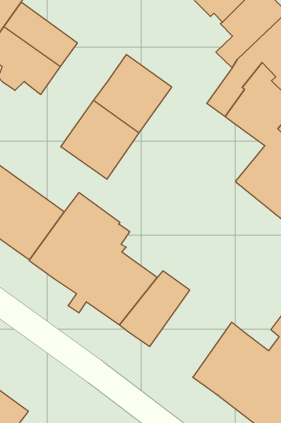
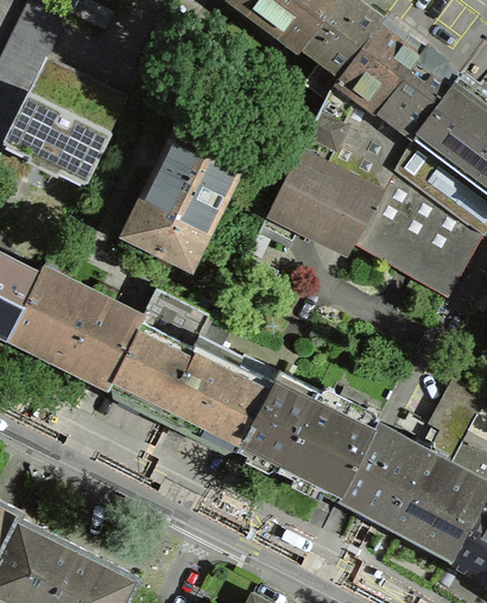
building: none -> [257,153,380,252]
building: none -> [276,393,375,502]

